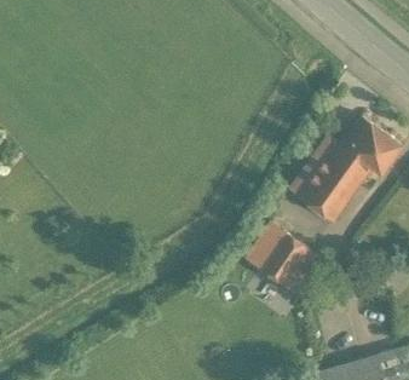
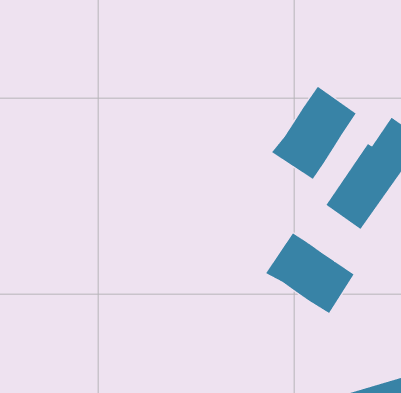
building: none -> [271,86,357,180]

